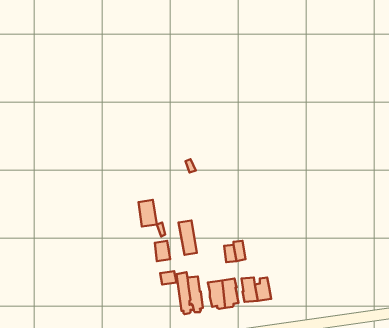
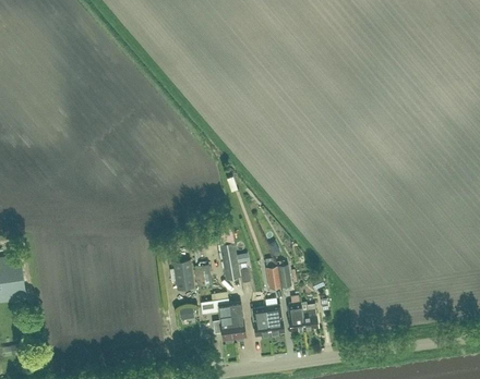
building: [139,200,157,226] -> [173,262,193,291]

